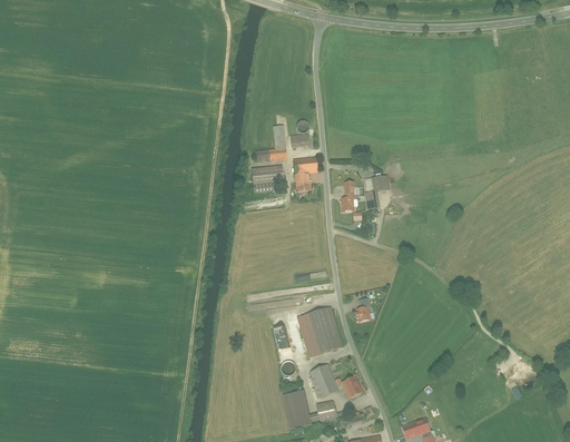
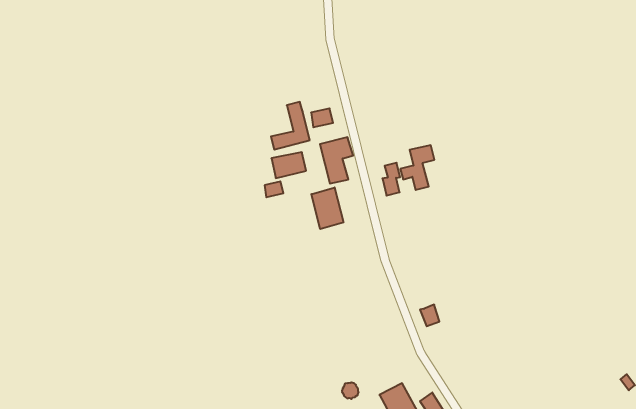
building: none -> [311,187,343,229]
building: [309,311,342,357] -> none

